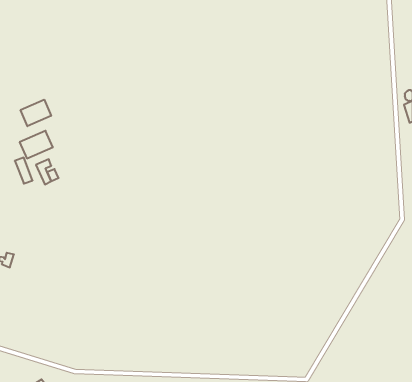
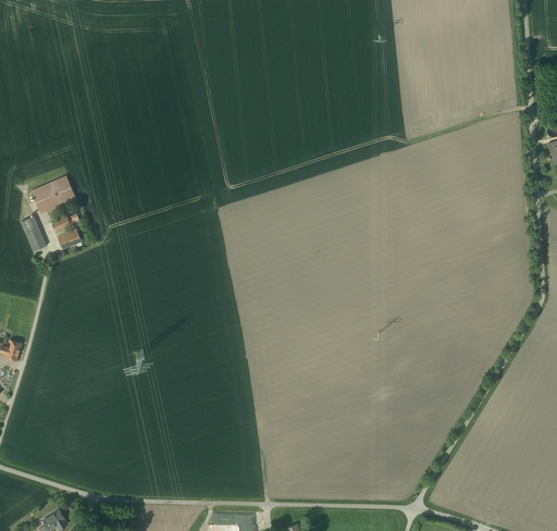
building: [21,100,51,126] -> none

